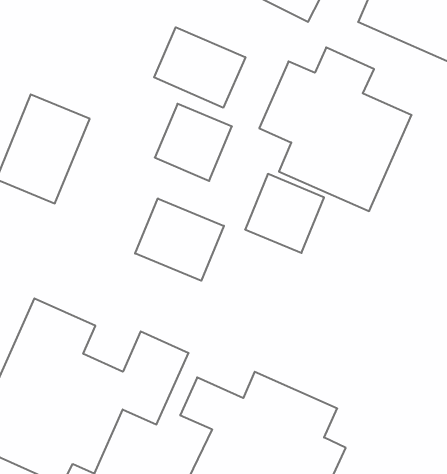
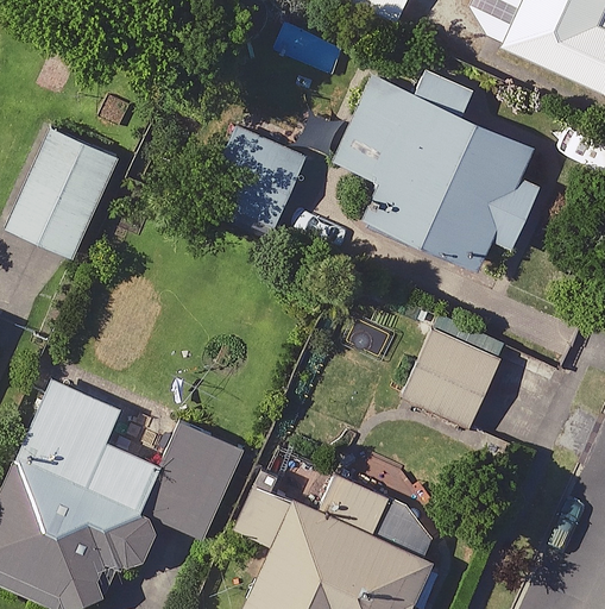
building: [154,27,245,108] -> none
building: [245,174,324,253] -> [402,327,502,427]
building: [135,198,224,281] -> none

